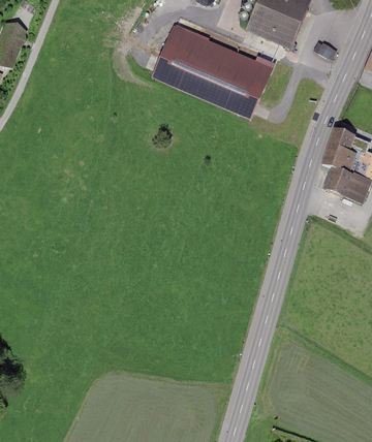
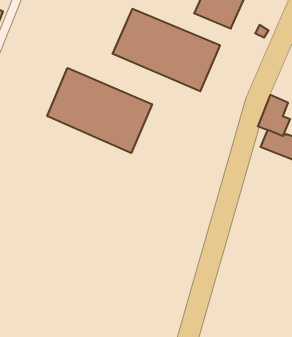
building: none -> [47,68,152,153]

